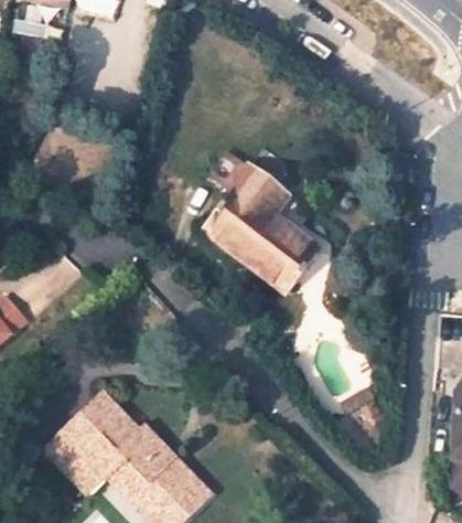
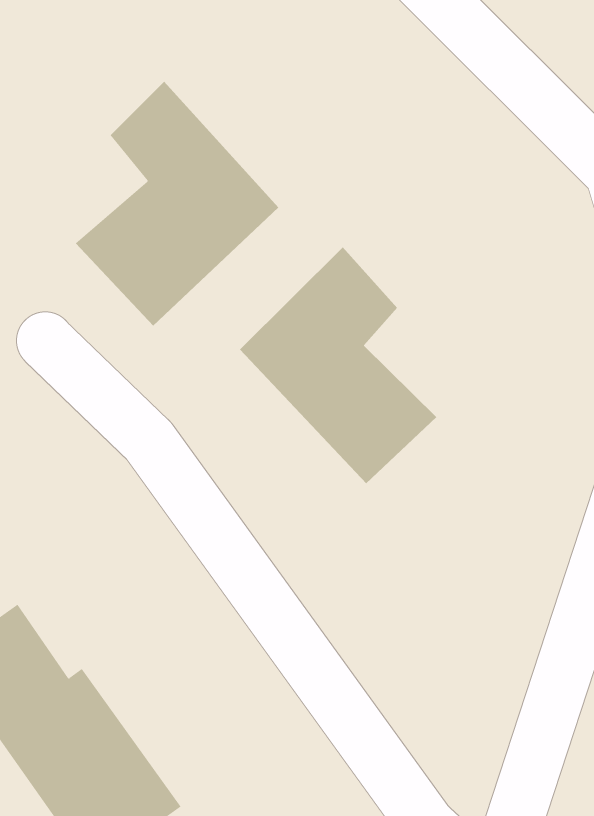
building: none -> [75,81,279,326]

